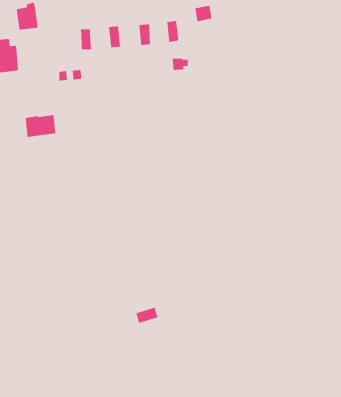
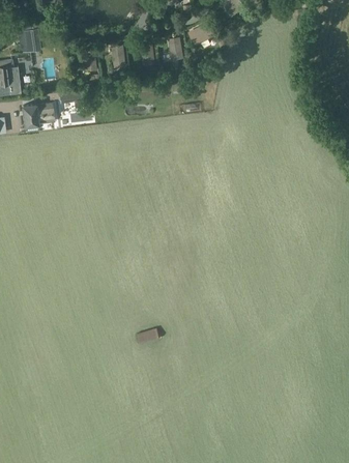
building: [25,115,56,138] -> [24,102,55,124]

